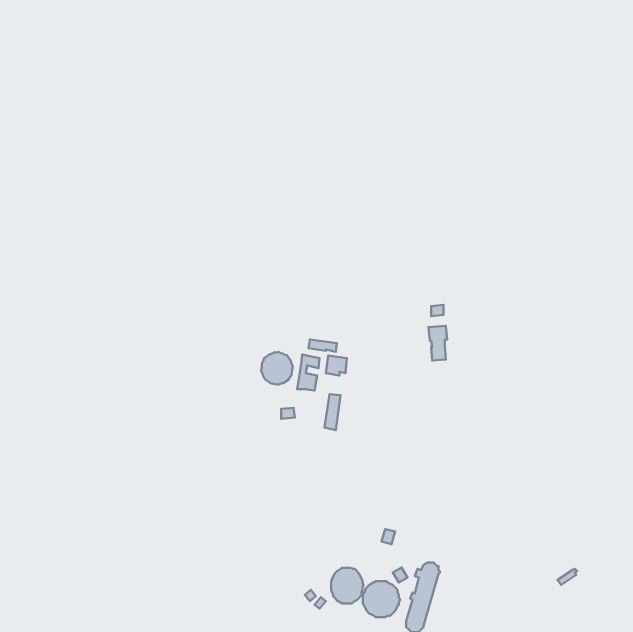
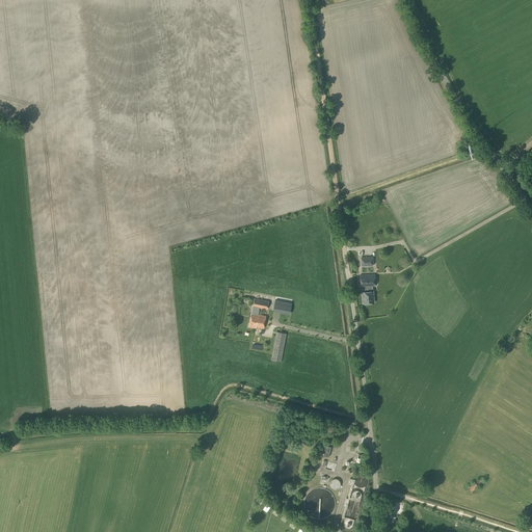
building: [261,352,293,385] -> none
building: [331,568,364,604] -> none

